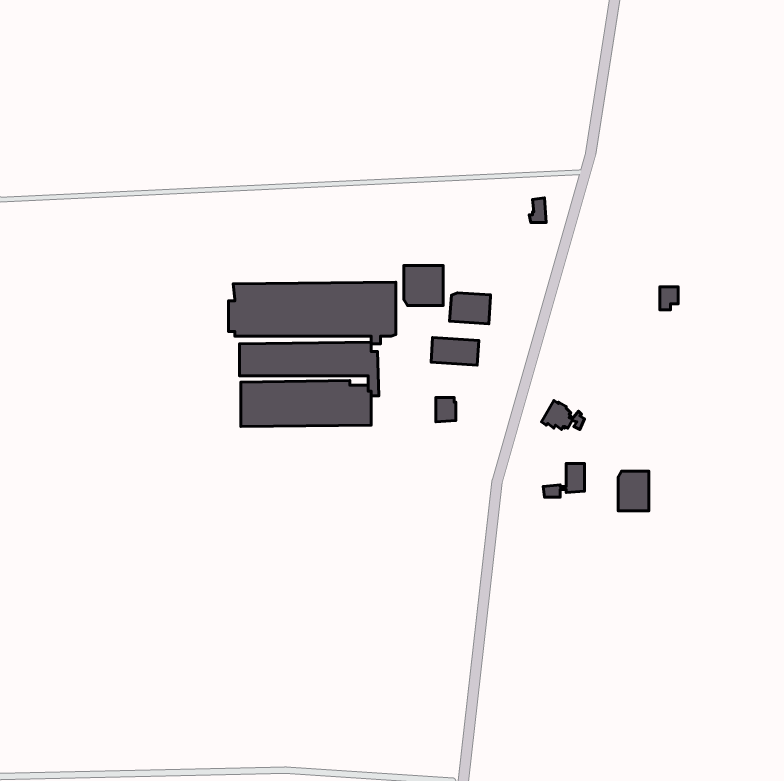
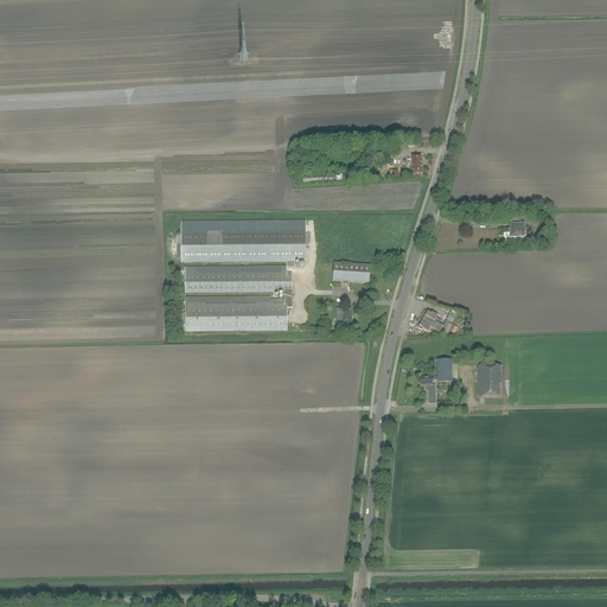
building: [404,266,443,305] -> none
building: [450,293,491,324] -> none

